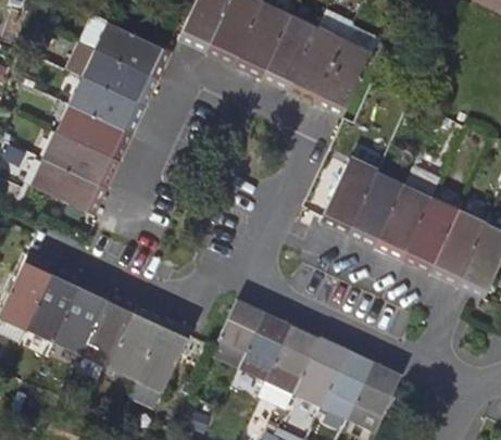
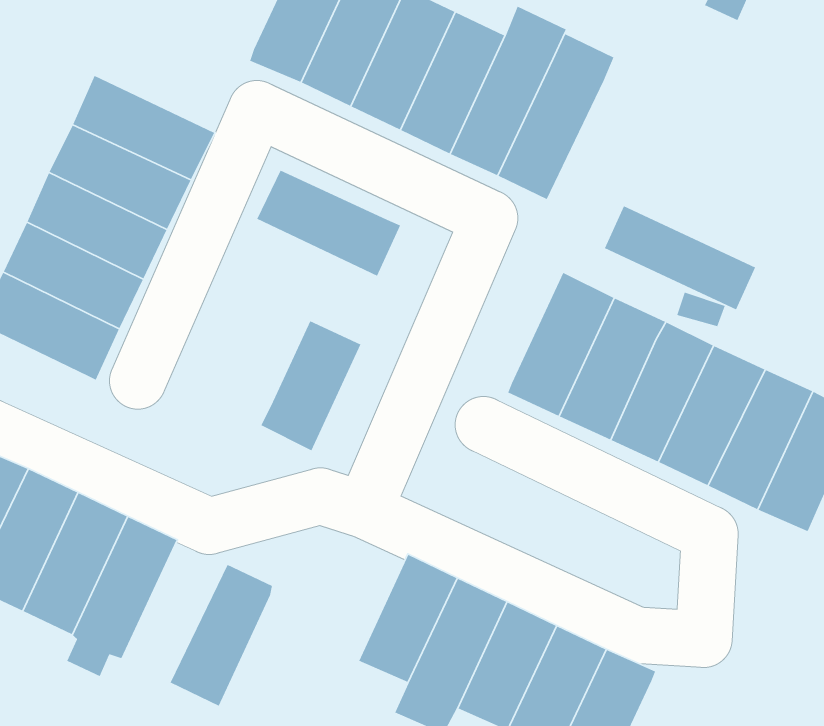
building: [93,21,173,79] -> [256,169,401,277]
building: none -> [604,205,756,310]
building: [210,297,265,368] -> [260,320,362,451]
building: [109,302,166,380] -> none

